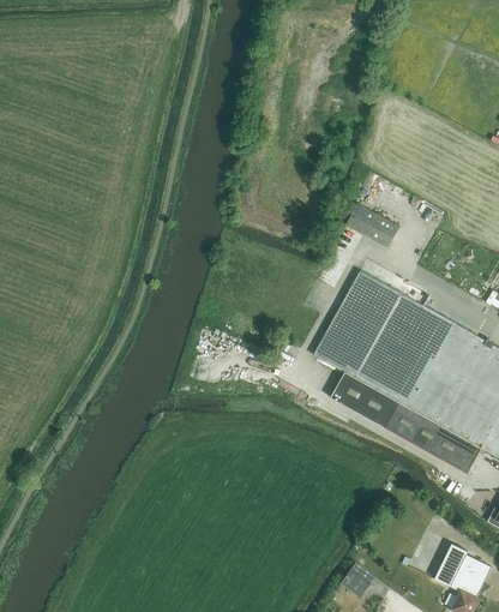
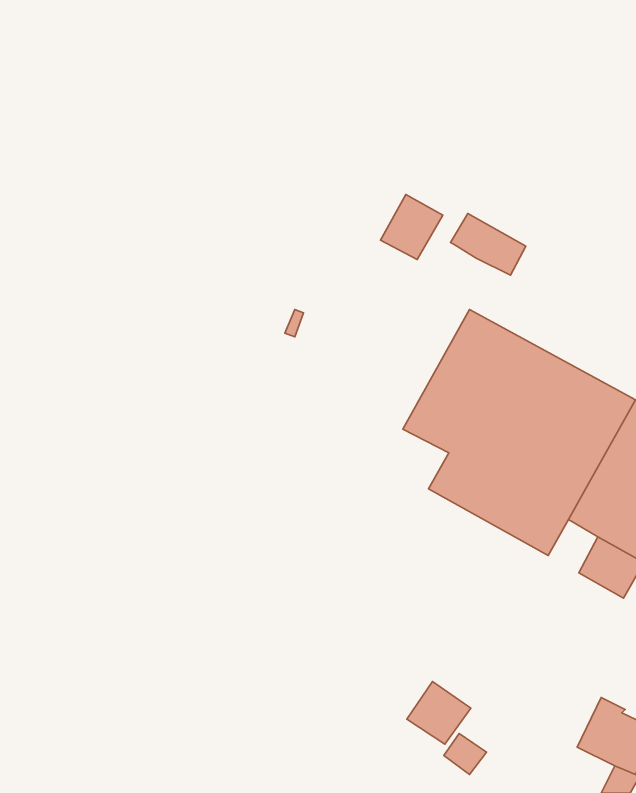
building: none -> [381,194,443,259]
building: [414,419,449,456] -> none
building: none -> [407,682,471,744]

